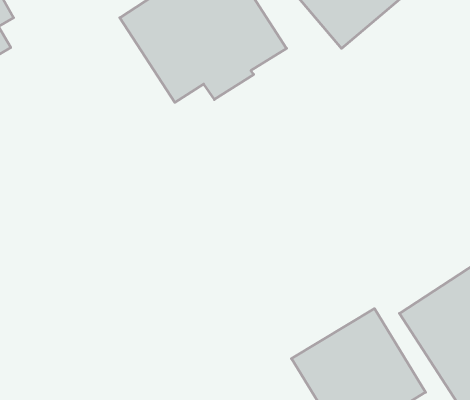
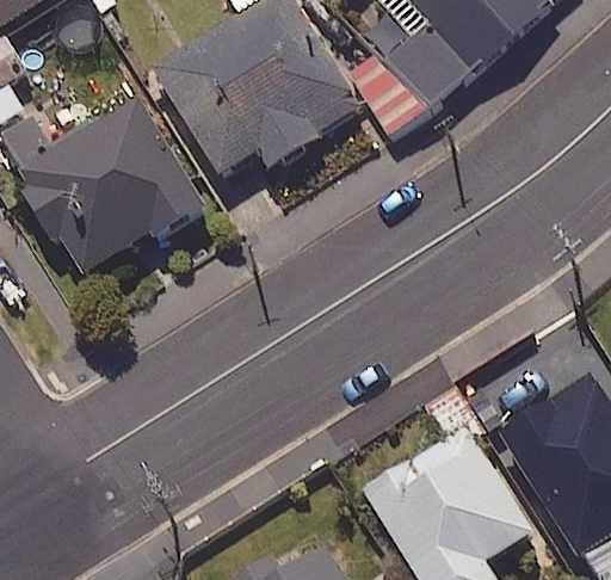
building: none -> [14,98,203,279]

